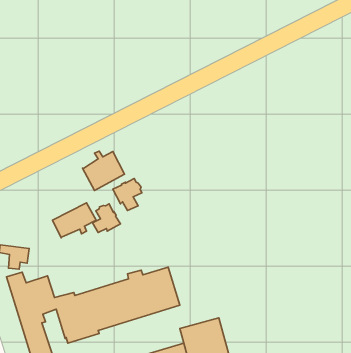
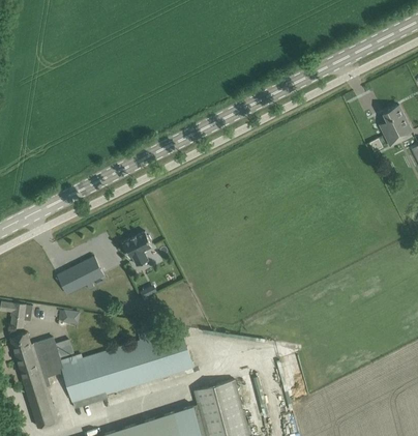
building: [82,151,124,190] -> none
building: [92,204,120,233] -> none

